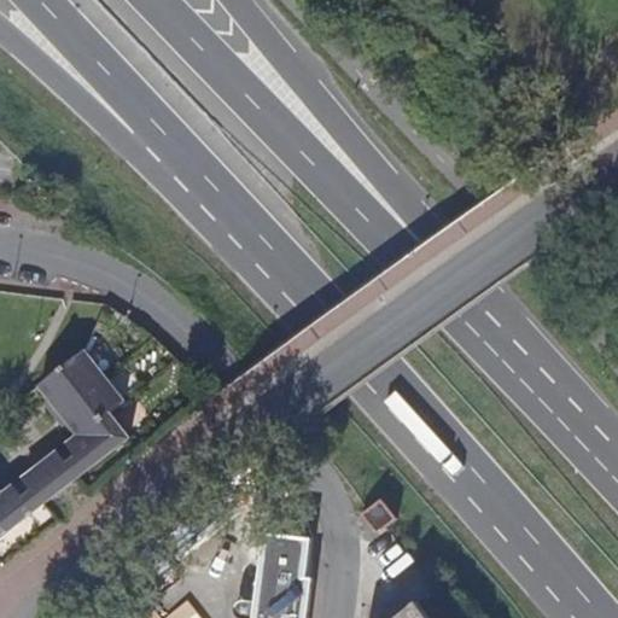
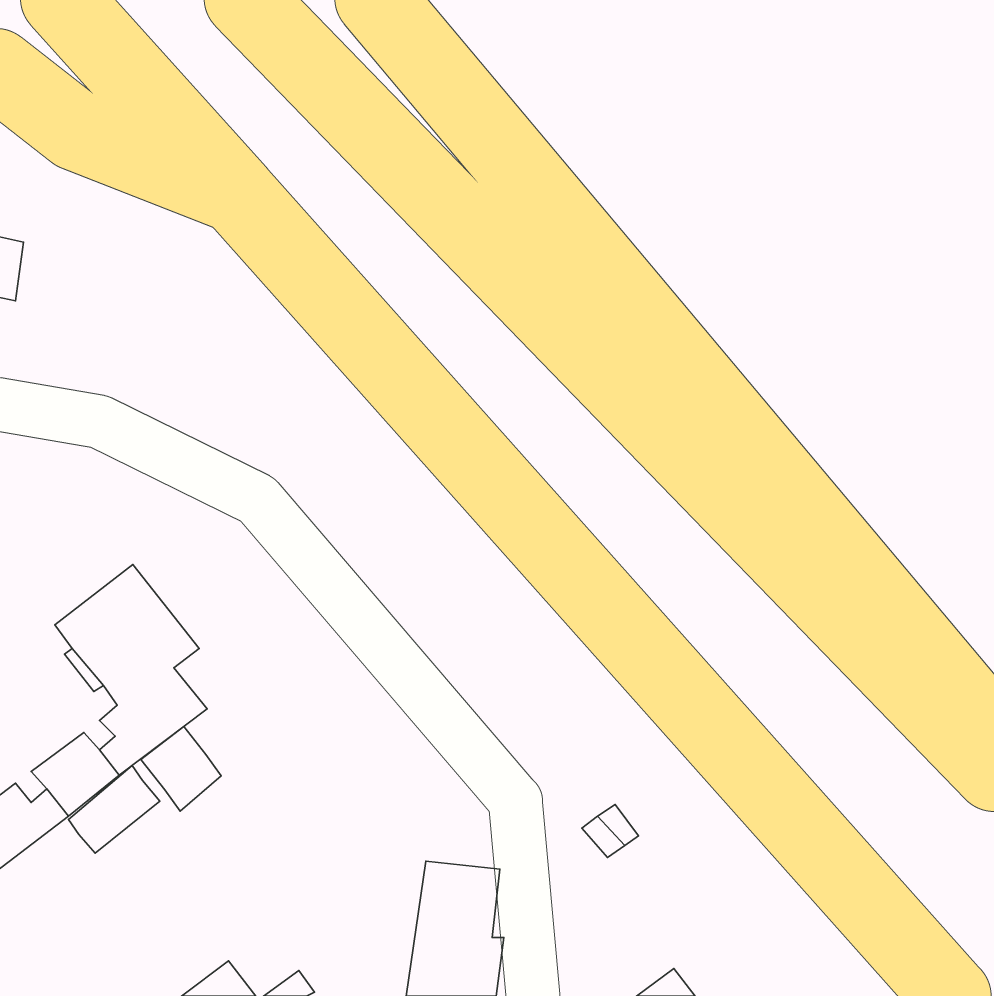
building: none -> [141,727,221,811]
building: none -> [69,766,160,853]

